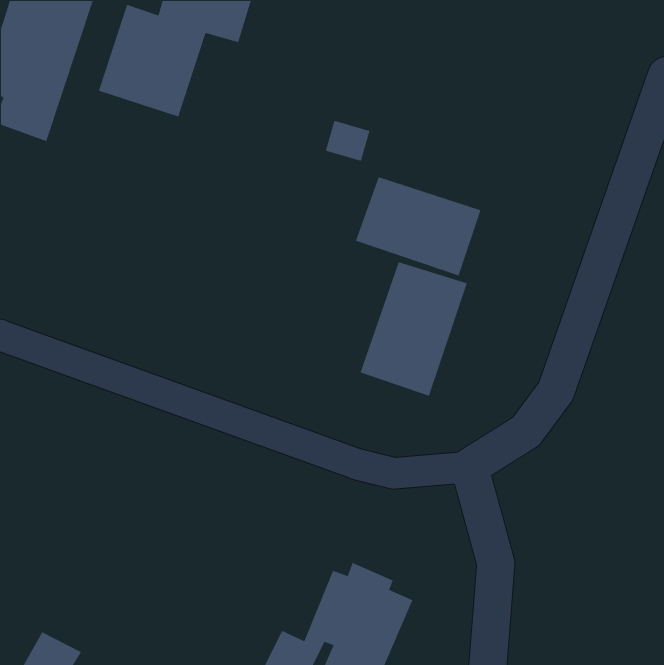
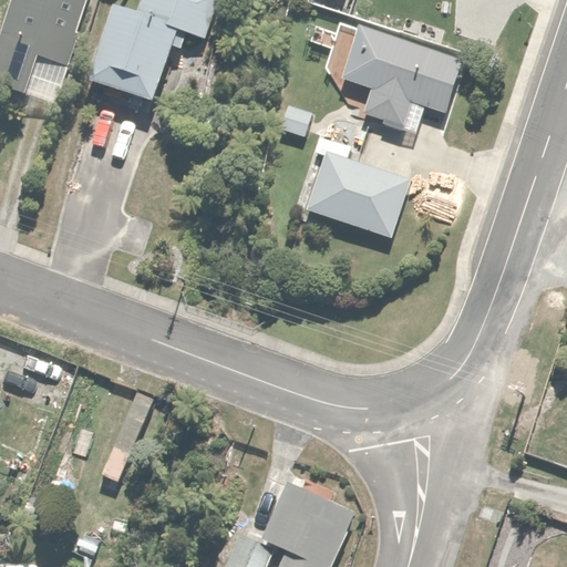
building: none -> [337,19,465,141]
building: [360,261,468,397] -> none

